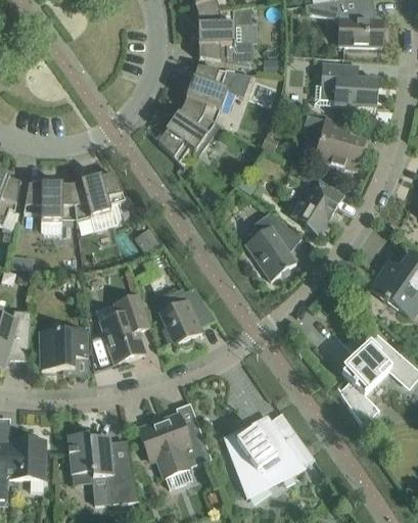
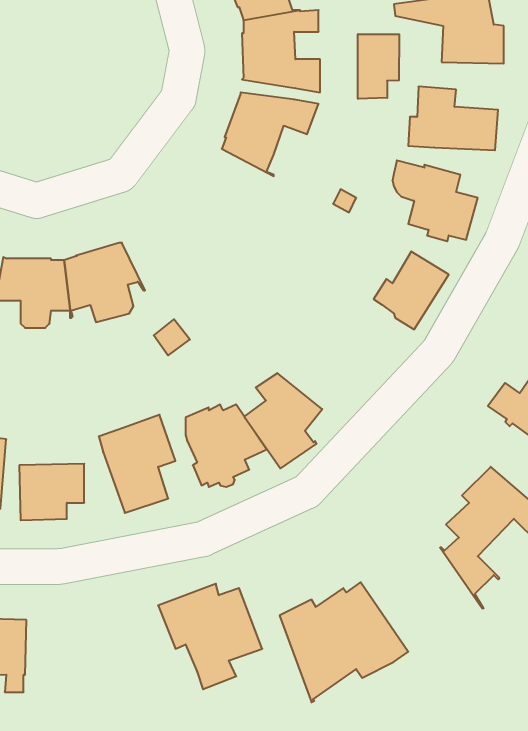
building: none -> [358,34,399,99]
building: [157,105,220,167] -> none
building: [245,211,300,279] -> [244,373,322,468]
building: [67,432,139,504] -> none

